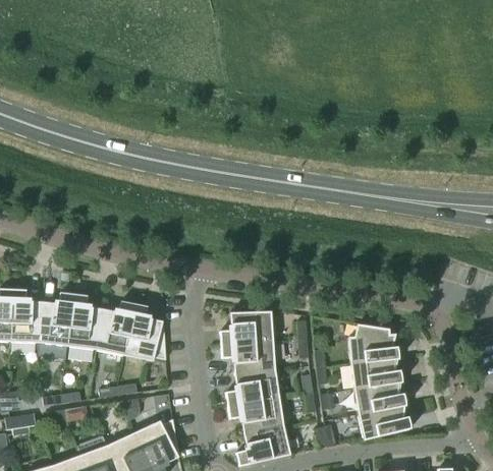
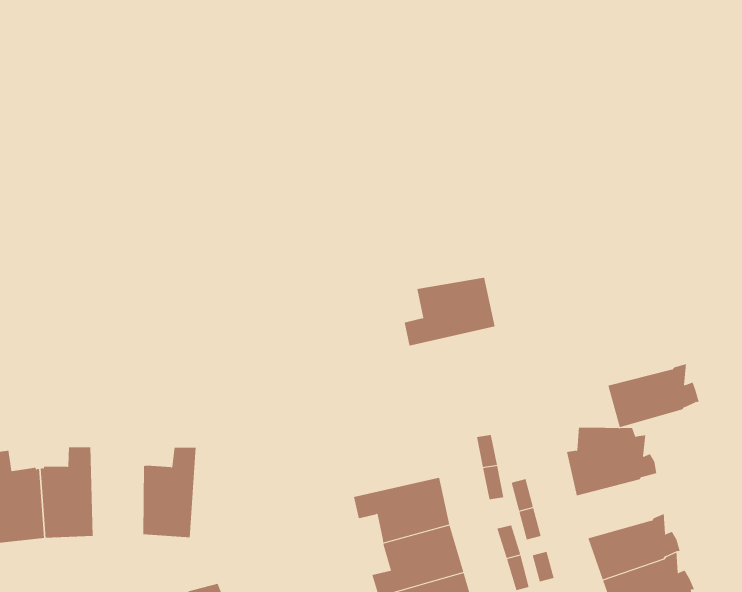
building: [67,294,102,349] -> none
building: [123,303,166,361] -> none
building: [220,311,273,345] -> [404,277,496,346]
building: [350,357,402,389] -> [608,363,700,428]

